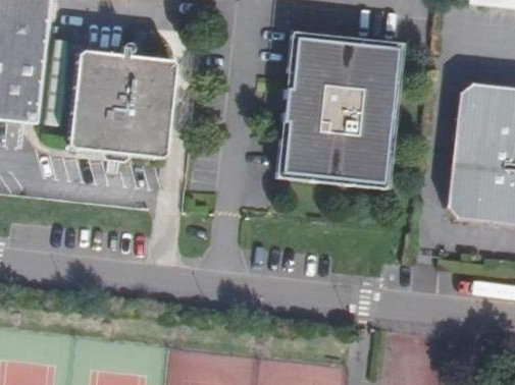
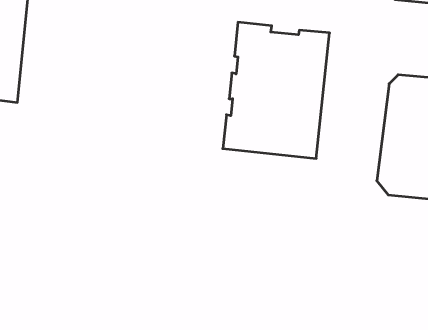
building: [66,50,175,157] -> none

